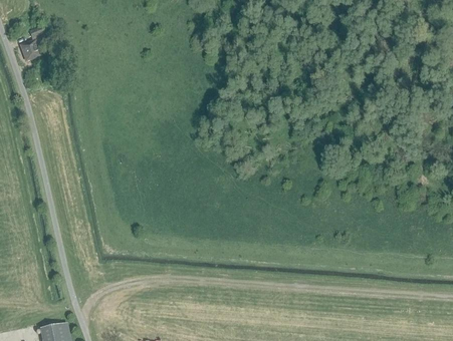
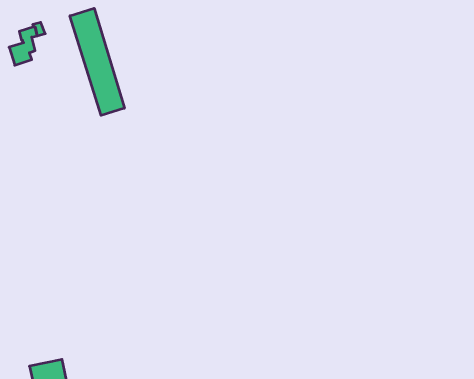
building: none -> [70,8,124,115]

